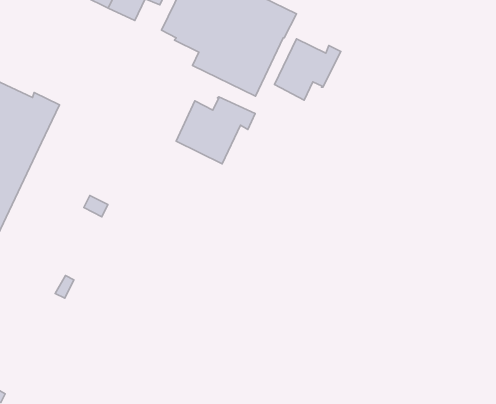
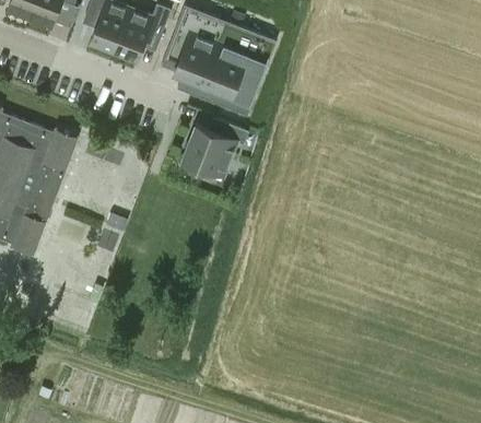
building: [275,39,341,100] -> none

